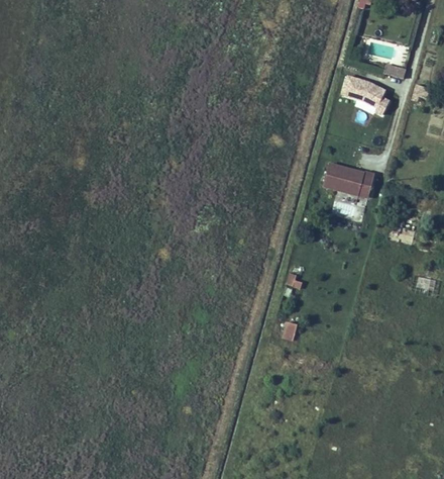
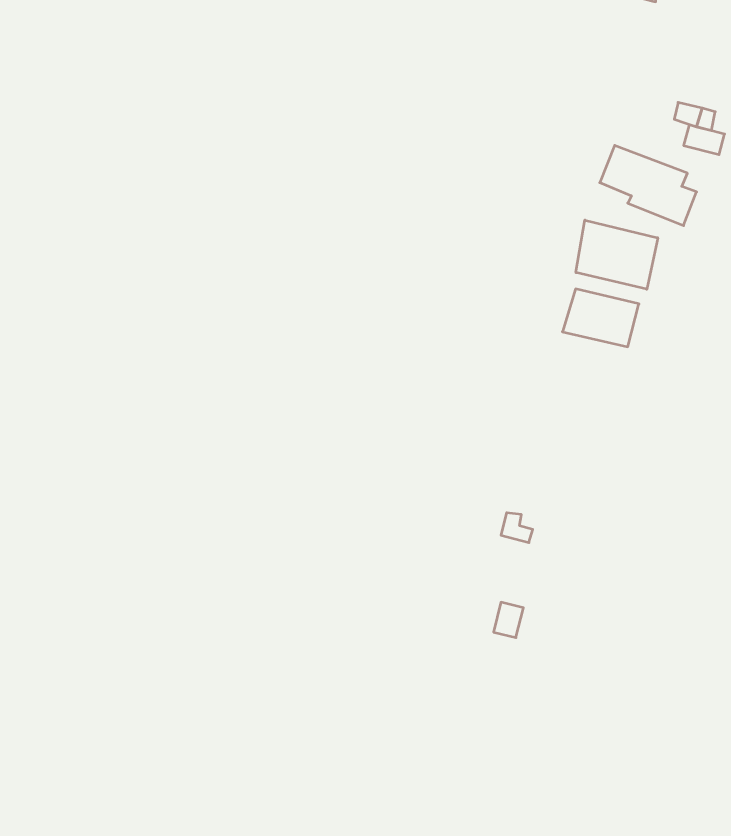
building: none -> [576,220,658,289]

